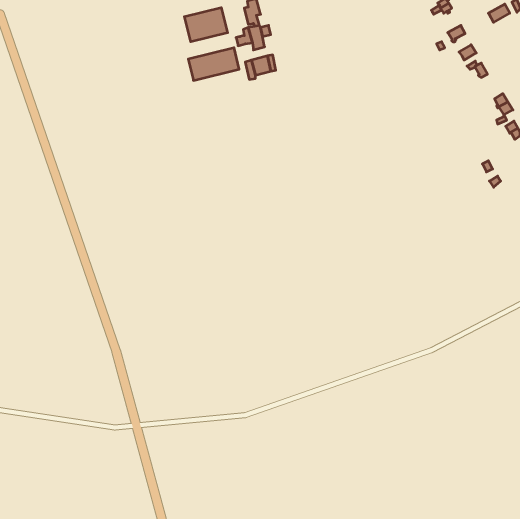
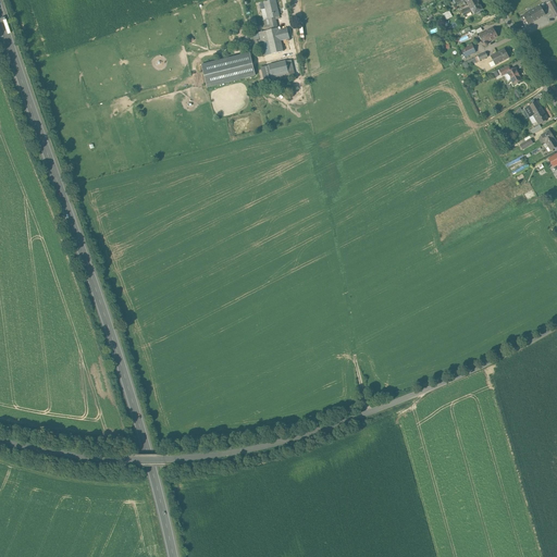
building: [184,8,228,42] -> none

